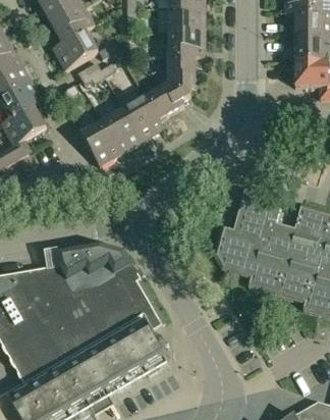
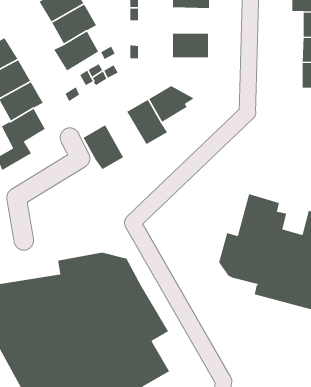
building: [168,8,205,33] -> none
building: [167,57,194,96] -> none
building: [103,109,143,154] -> none

